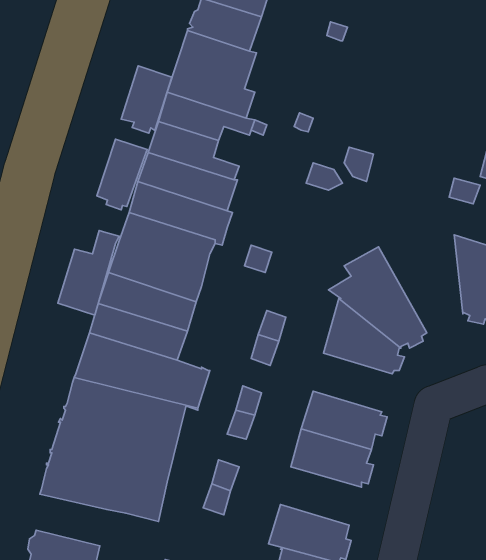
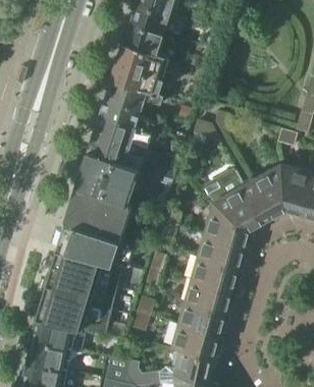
building: [121,66,172,133] -> none
building: [97,139,147,210] -> none
building: [58,230,119,315] -> none
building: none -> [250,164,286,220]
building: none -> [198,234,246,269]
building: none -> [178,301,228,336]
building: none -> [32,318,87,350]

